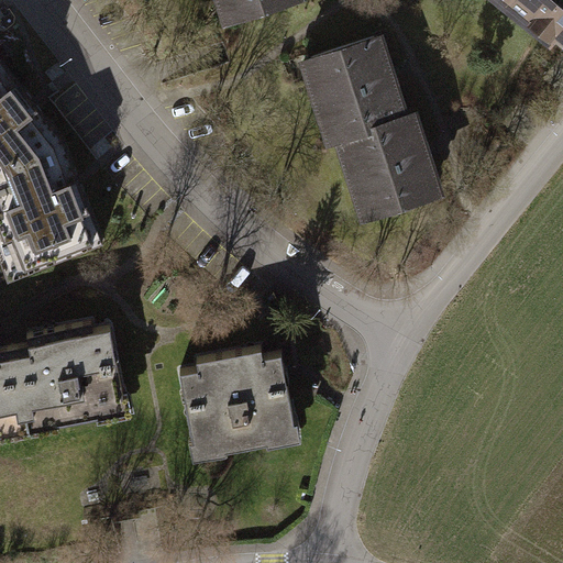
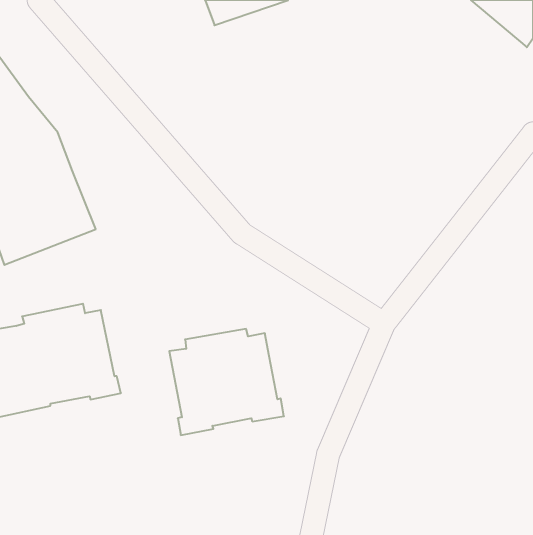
building: [297,30,441,221] -> none

